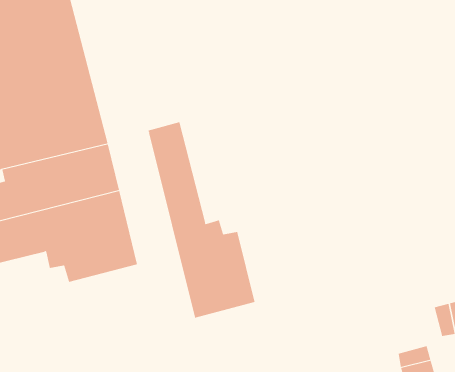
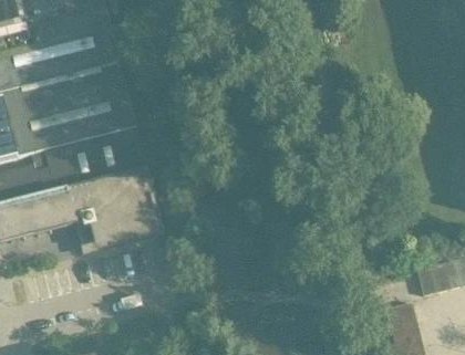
building: [147,121,255,318] -> none

